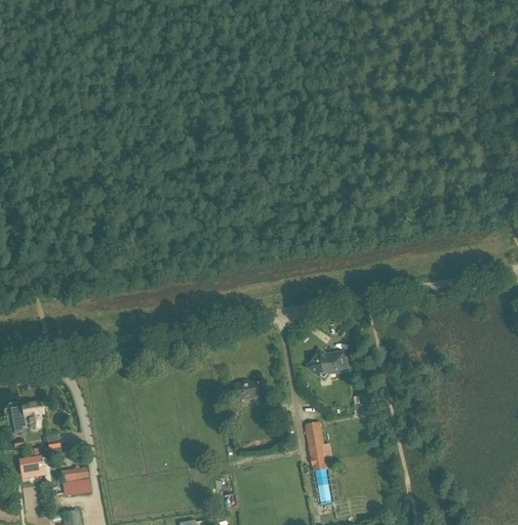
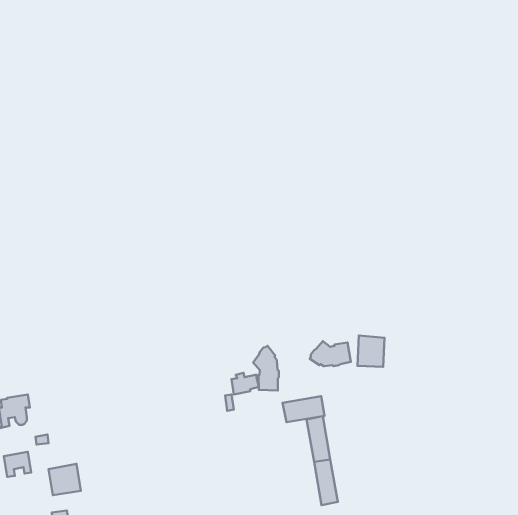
building: none -> [358,336,385,367]
building: none -> [253,346,279,391]
building: none -> [283,396,324,422]

